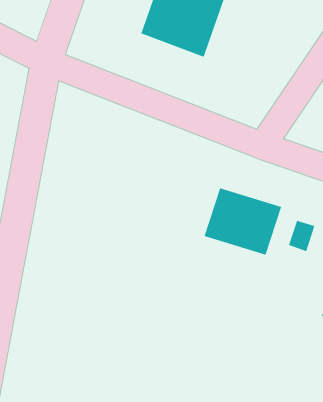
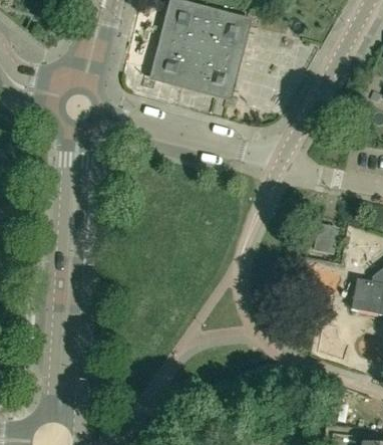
building: [204,187,282,256] -> none

